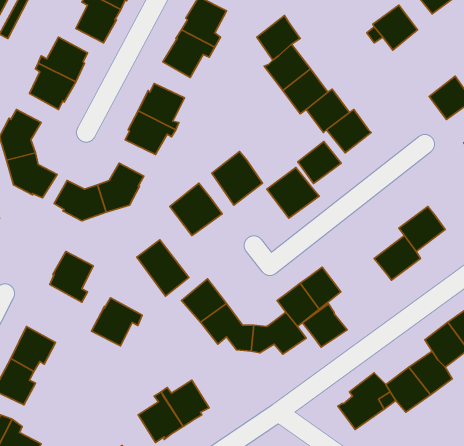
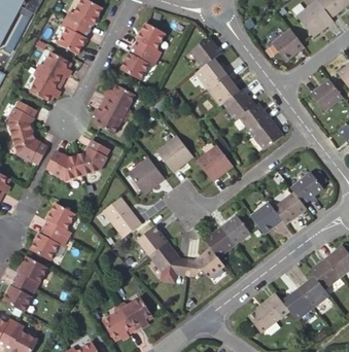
building: [298,142,341,184] -> [252,119,283,149]
building: [92,298,142,346] -> [29,227,65,261]
building: [302,304,347,347] -> [250,202,282,233]

